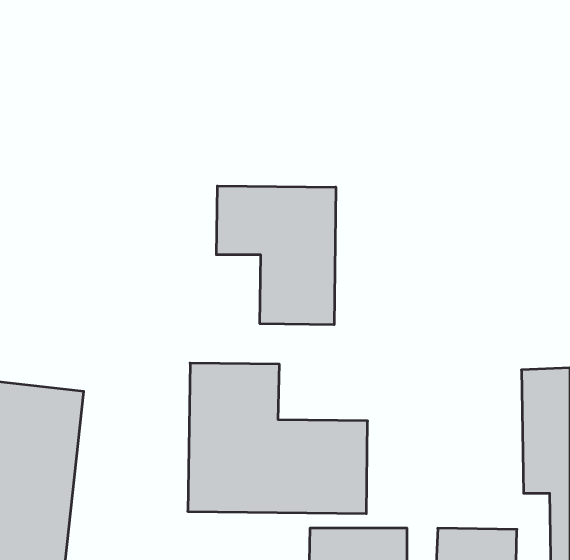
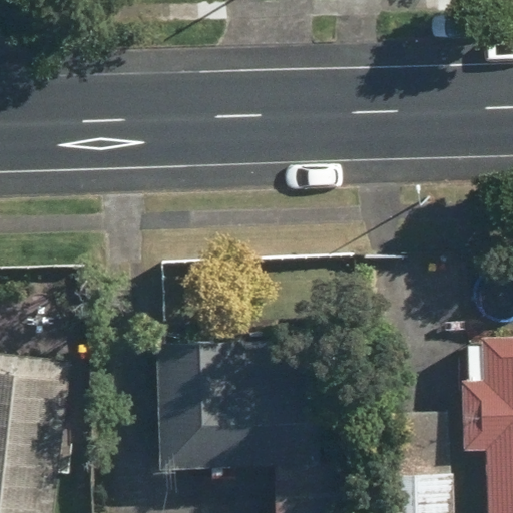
building: [216,186,336,325] -> none

